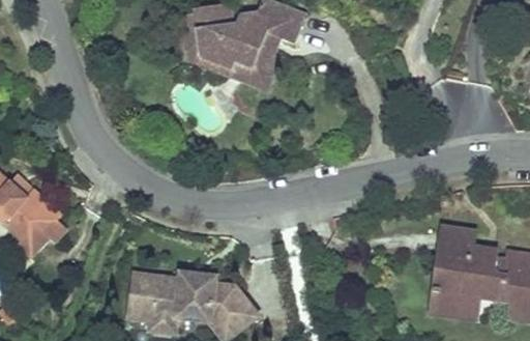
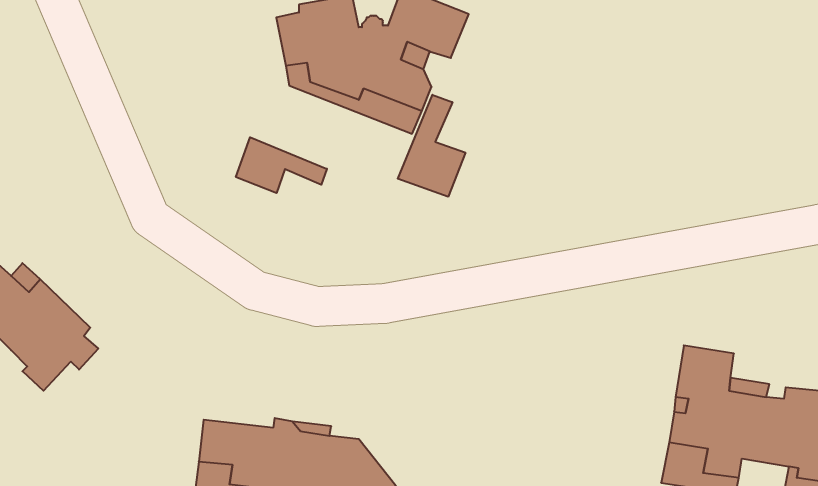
building: none -> [398,95,465,197]
building: none -> [236,137,327,193]

